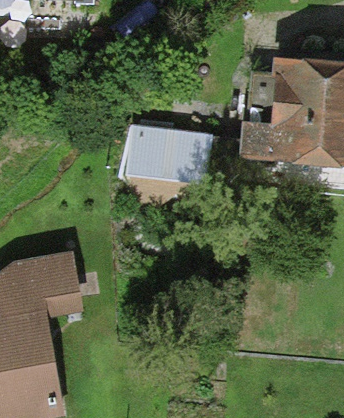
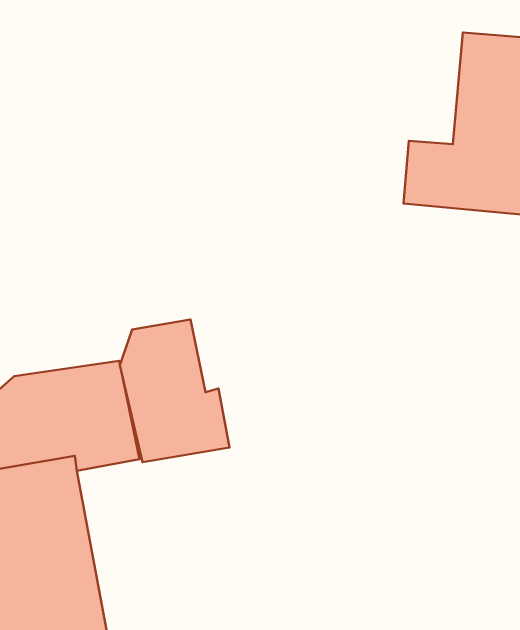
building: [124,124,212,182] -> none
building: none -> [120,320,230,462]

